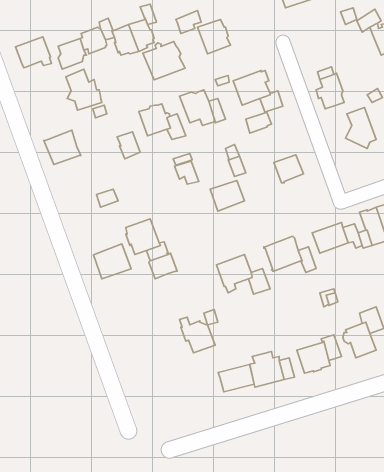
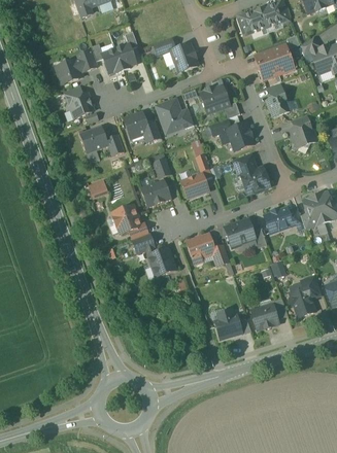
building: none -> [255,45,295,79]
building: [15,37,52,68] -> none
building: [143,41,185,80] -> none
building: none -> [228,123,254,150]
building: [44,130,81,165] -> [79,126,109,153]
building: none -> [241,167,270,195]
building: none -> [140,179,172,208]
building: [94,244,131,279] -> none
building: [180,317,215,353] -> [147,247,176,276]
building: [218,364,254,392] -> none

